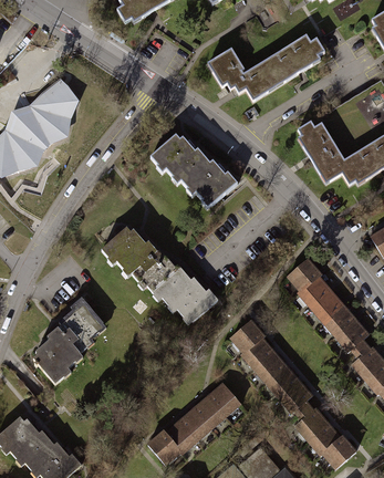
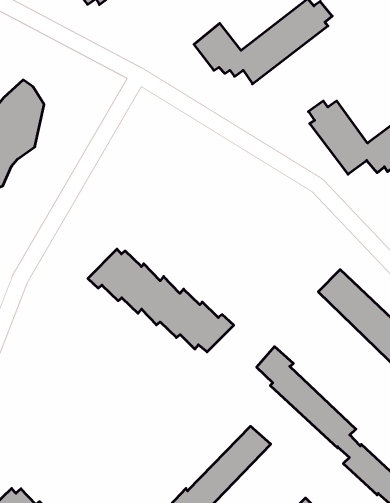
building: [149,135,237,208] -> none
building: [32,298,107,385] -> none

